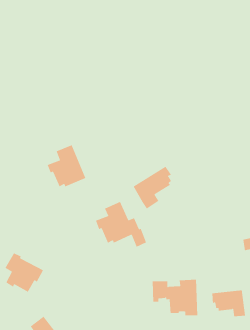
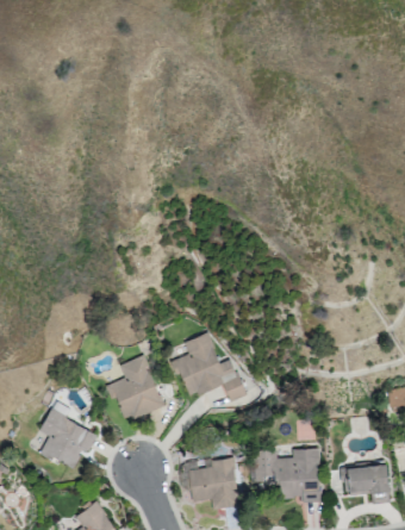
building: [47,145,86,187] -> [107,356,164,418]
building: [133,166,172,210] -> none
building: none -> [188,459,241,509]

